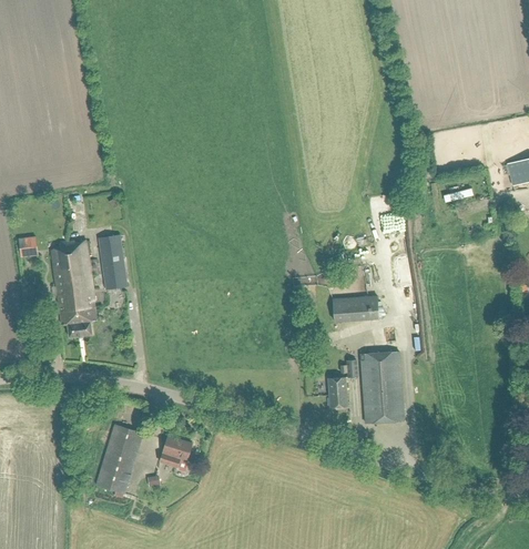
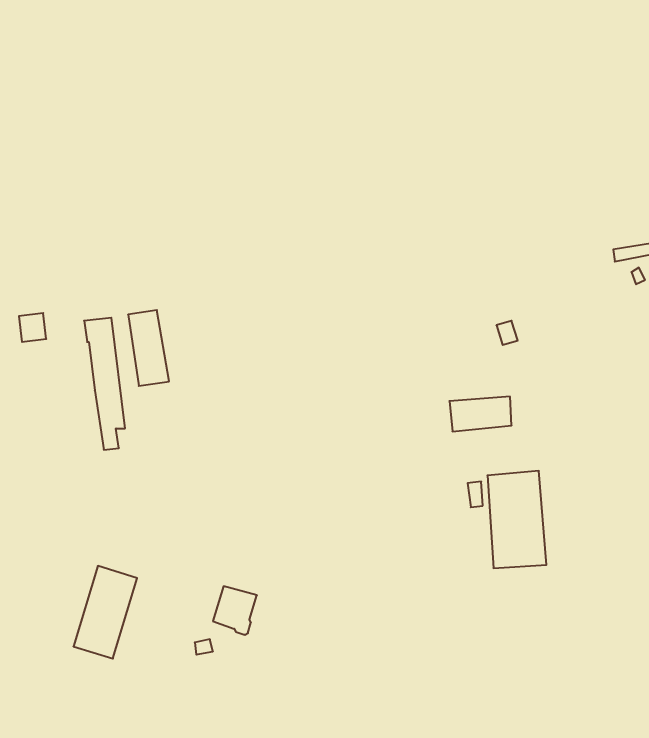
building: [50,242,80,337] -> none
building: [327,377,347,408] -> none
building: [95,426,142,494] -> [73,566,137,659]

